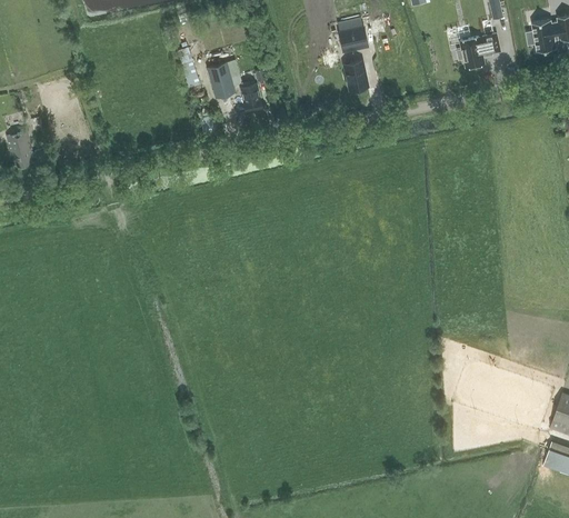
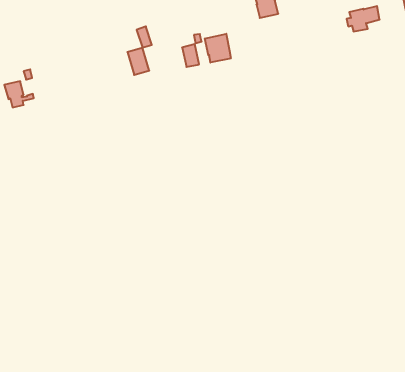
building: [345,62,368,92] -> none
building: [208,63,237,99] -> [127,48,149,75]
building: none -> [205,34,231,63]

